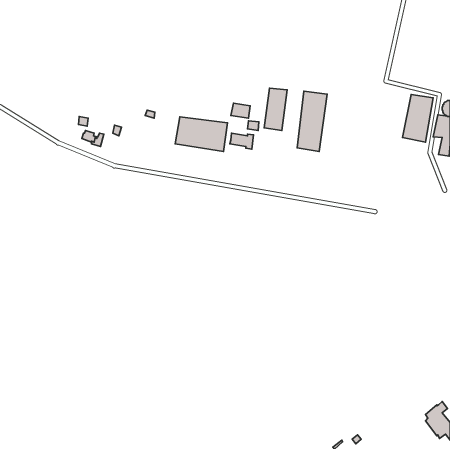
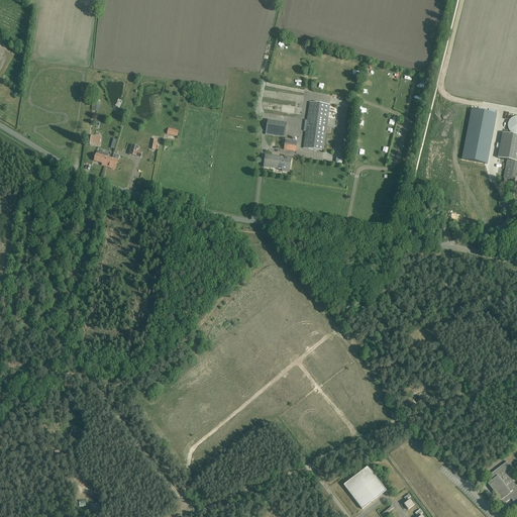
building: [297,91,327,152] -> none
building: [175,117,228,151] -> none
building: none -> [344,464,387,507]

